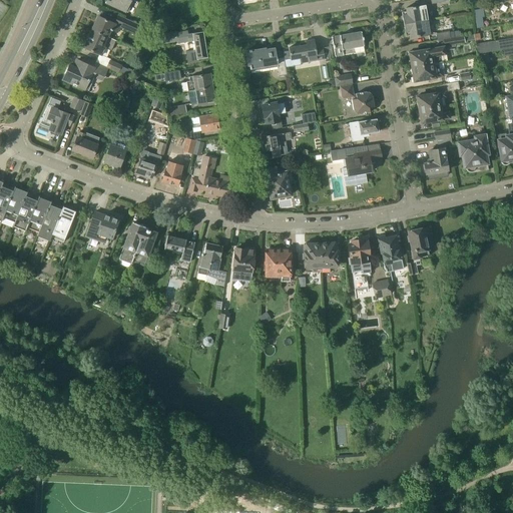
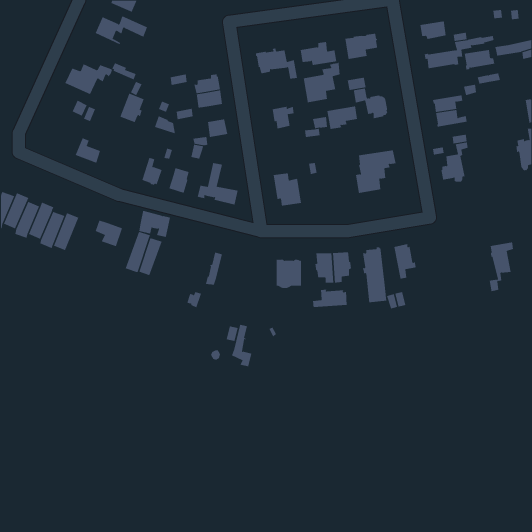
building: [402,5,428,24] -> none
building: [161,31,207,63] -> none
building: [84,32,115,55] -> none
building: none -> [303,62,340,103]
building: [412,62,442,82] -> [464,49,495,70]
building: [39,109,73,134] -> none
building: [349,118,379,141] -> [327,106,358,130]
building: [262,132,291,158] -> none
building: [458,134,488,171] -> none
building: [104,138,128,167] -> [120,93,145,123]
building: [407,226,431,275] -> [489,242,514,292]
building: [163,235,194,262] -> [138,210,171,237]
building: [206,244,226,286] -> [231,324,252,367]
building: [232,247,254,276] -> none
building: none -> [312,289,347,308]

